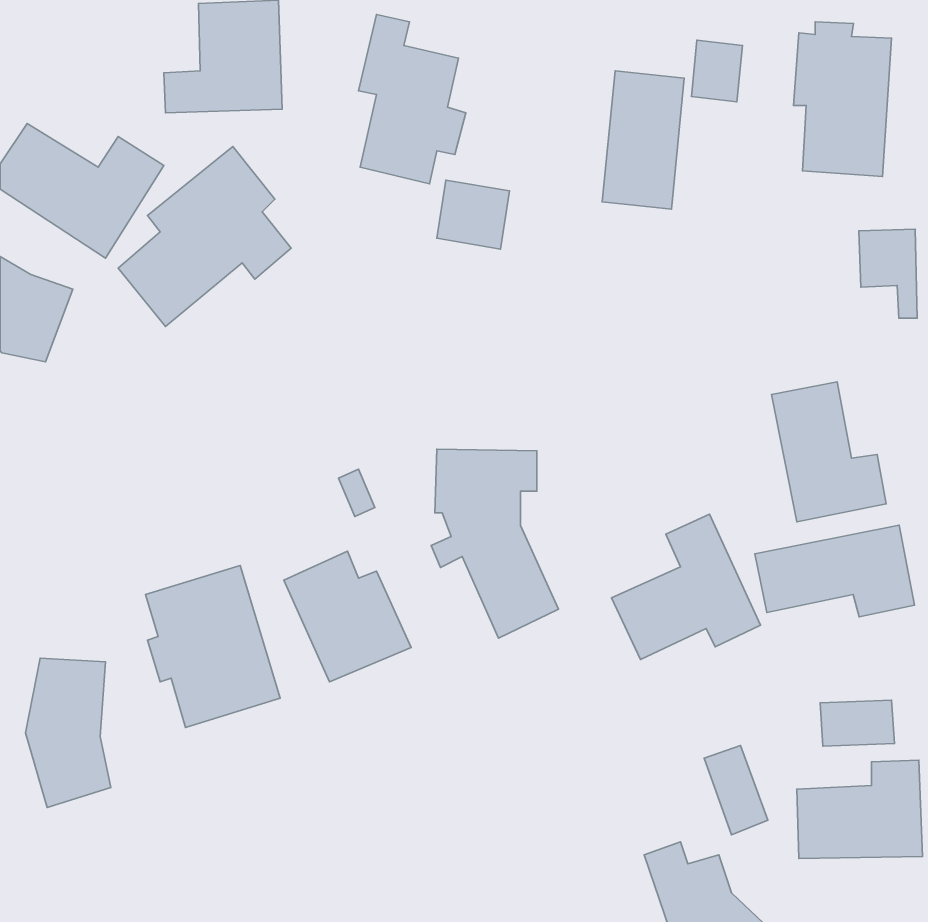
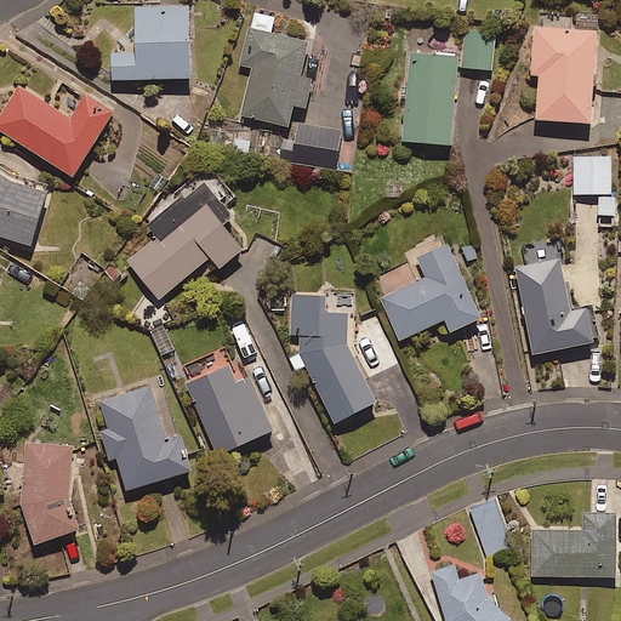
building: [118,146,291,326] -> [126,180,241,300]
building: [611,514,761,660] -> [381,244,480,341]
building: [755,525,915,617] -> none
building: [820,700,895,746] -> none

